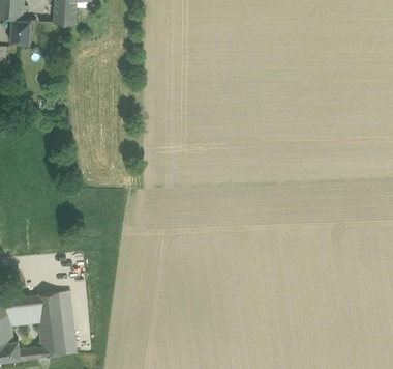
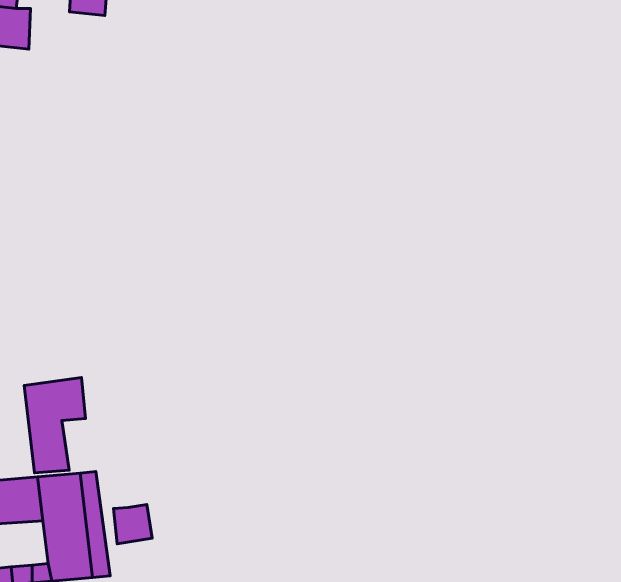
building: none -> [24,378,85,473]
building: none -> [113,505,152,544]

